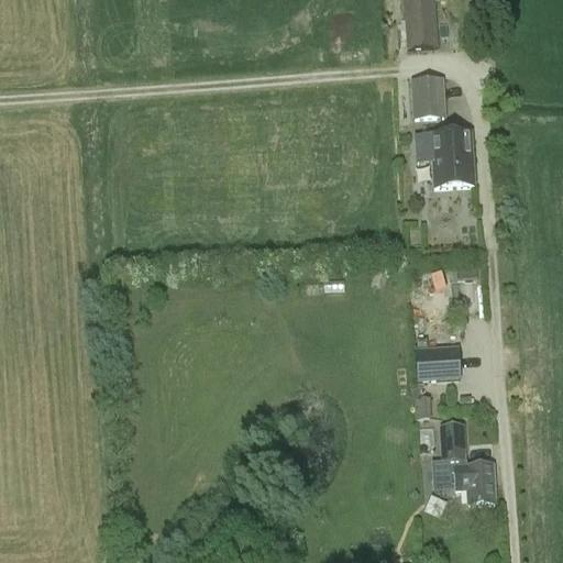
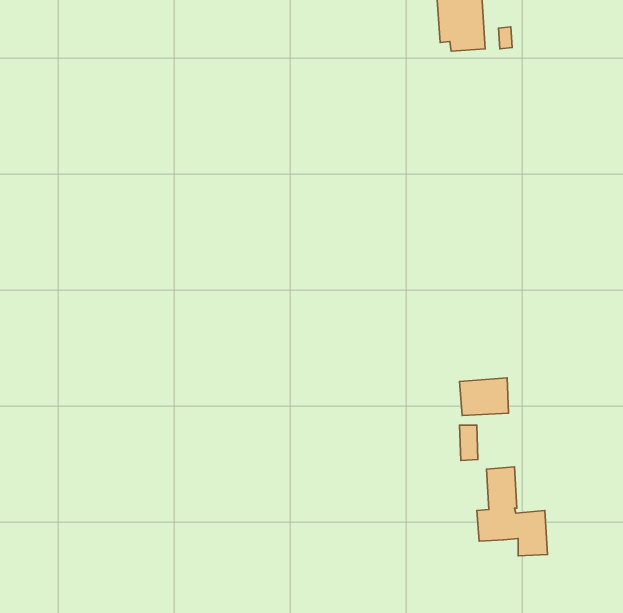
building: [410,75,446,117] -> none
building: [416,130,474,186] -> none

